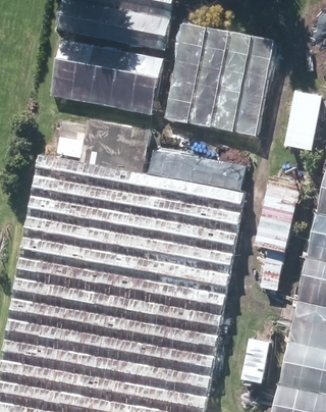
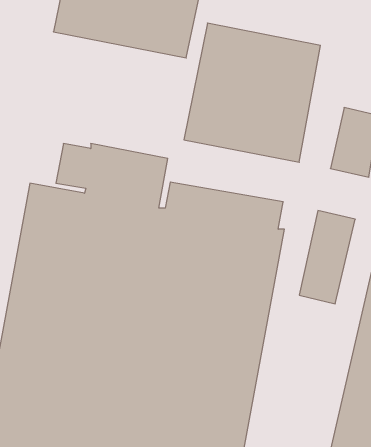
building: [49,40,162,115] -> none

